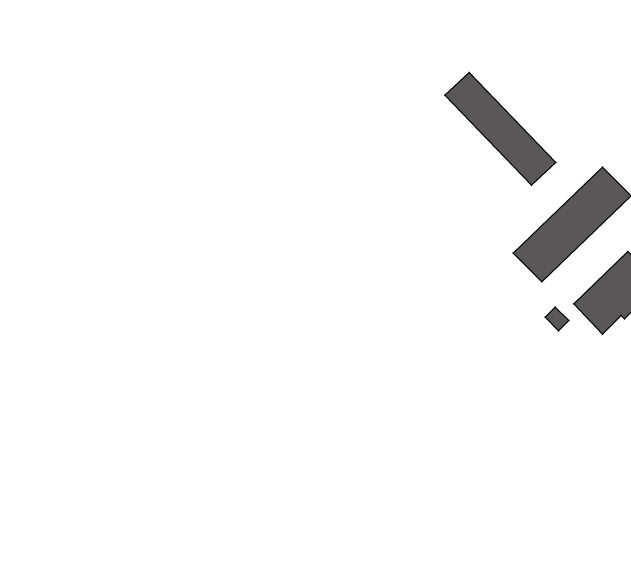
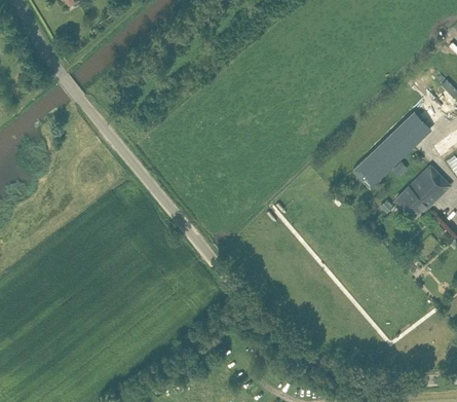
building: [445,73,556,185] -> none

